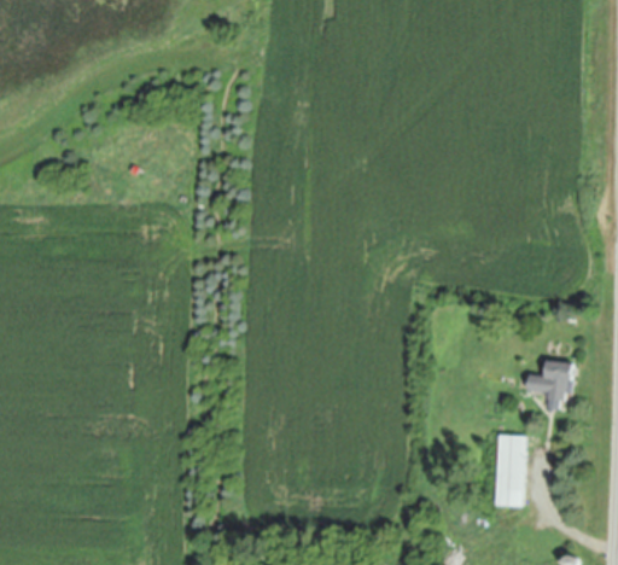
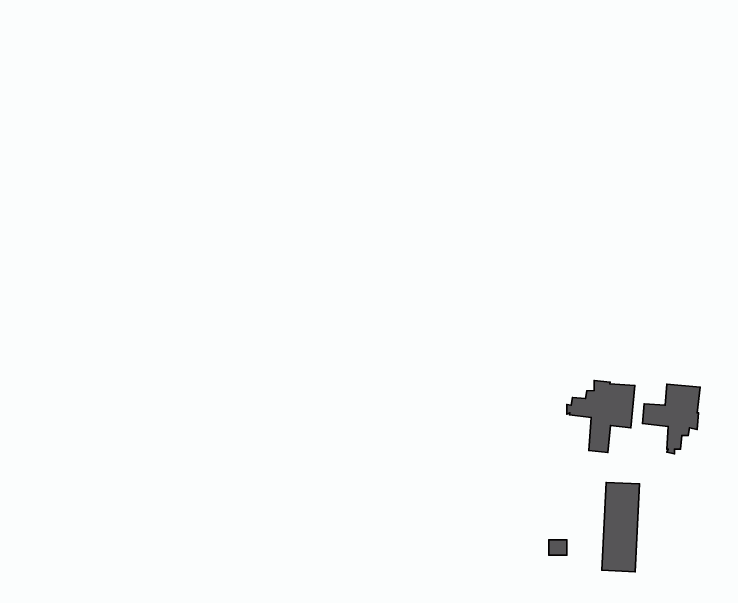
building: none -> [567,381,635,453]

